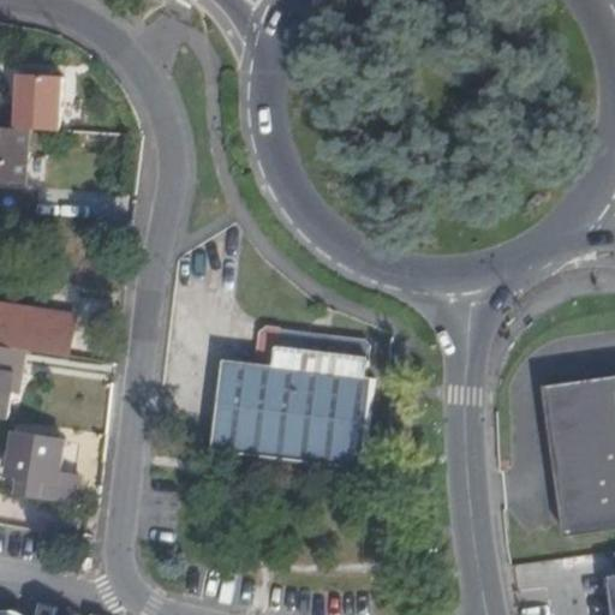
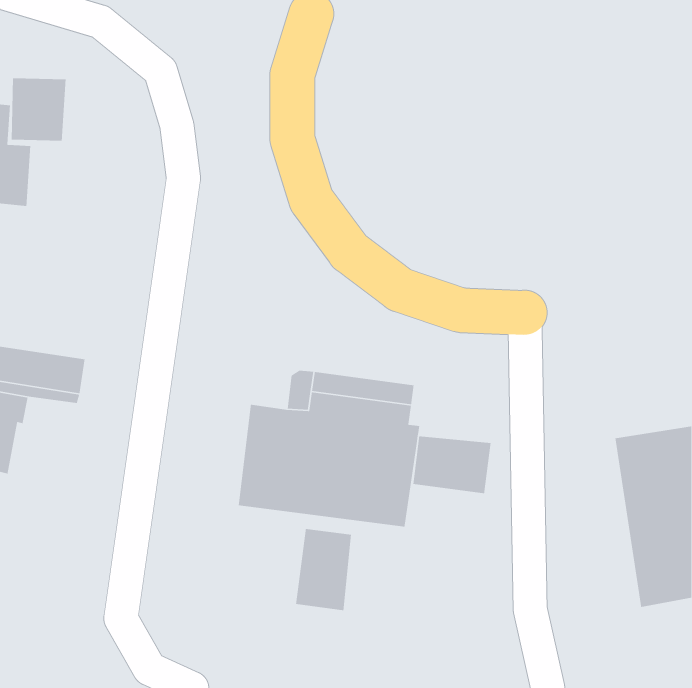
building: none -> [412,435,491,494]
building: [8,432,78,500] -> none
building: none -> [295,528,352,611]

